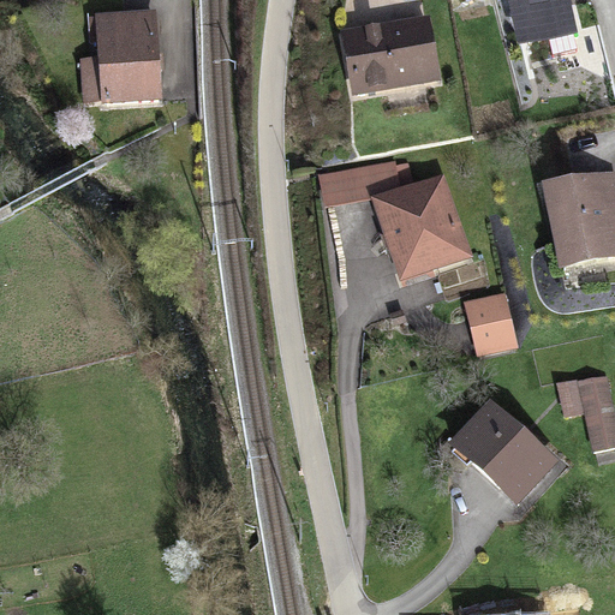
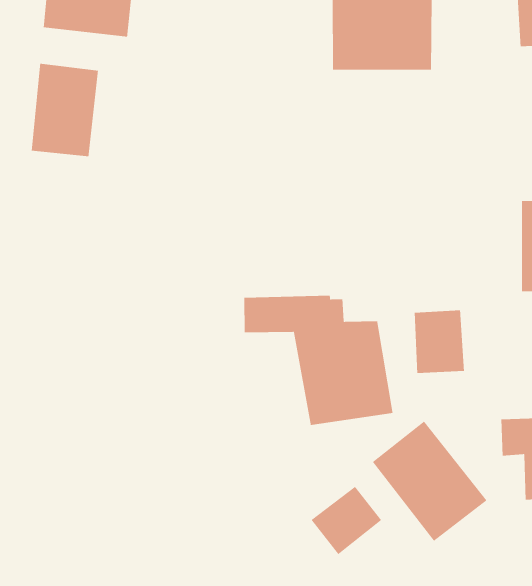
building: none -> [31,63,99,157]
building: [320,159,473,280] -> [243,295,393,426]
building: none -> [310,486,382,555]

